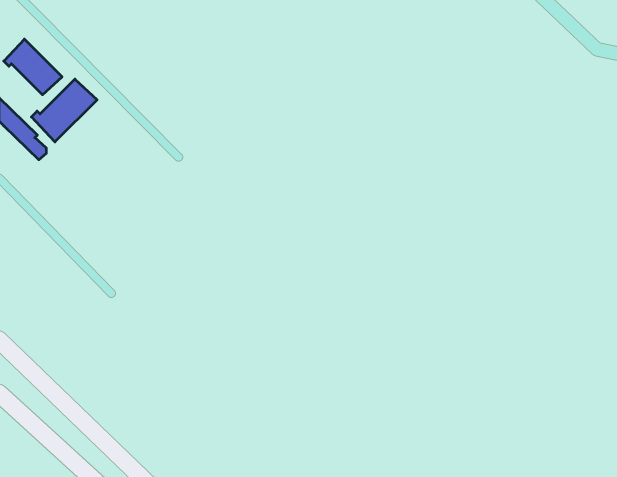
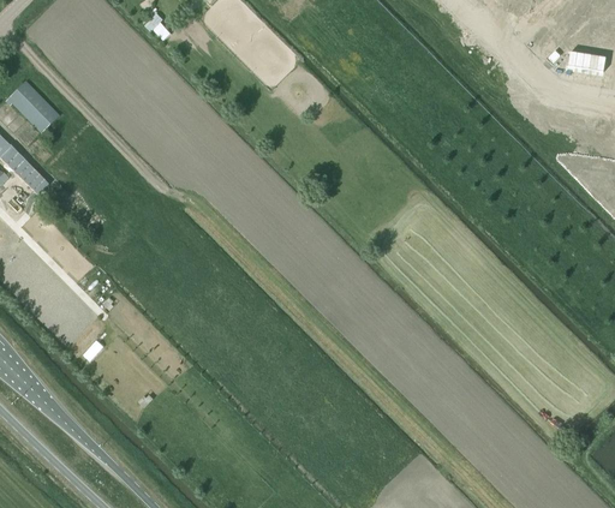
building: [31,79,97,142] -> none

